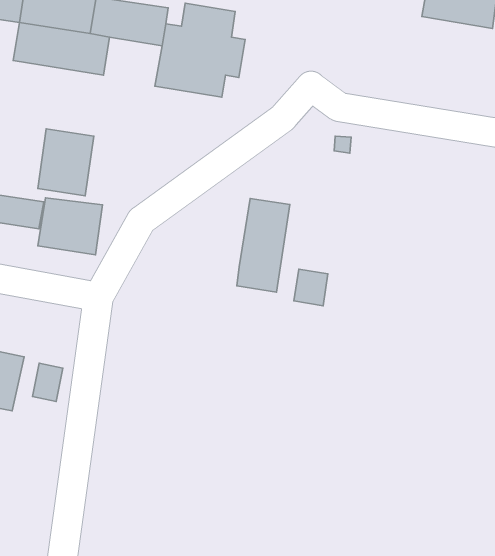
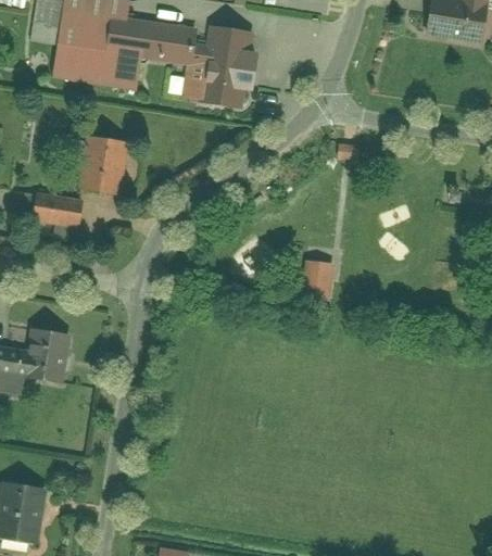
building: [38,198,102,255] -> none
building: [237,198,290,292] -> none
building: [32,363,63,401] -> none

